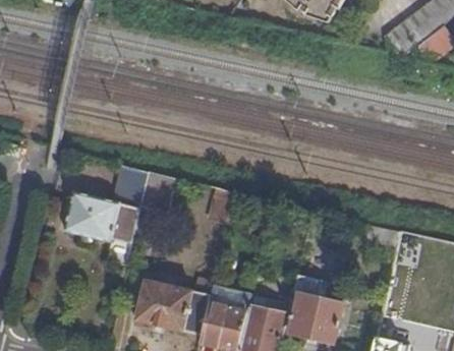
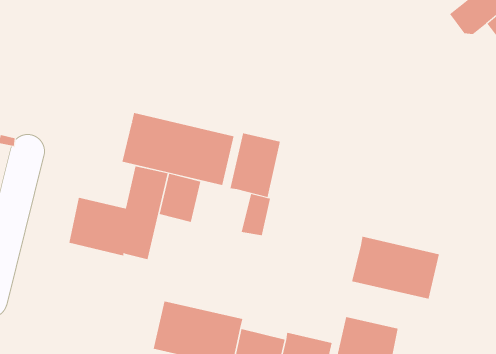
building: none -> [122,112,234,186]
building: none -> [230,132,281,198]
building: none -> [352,236,439,299]

